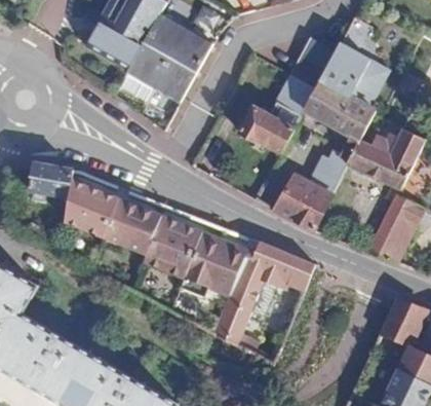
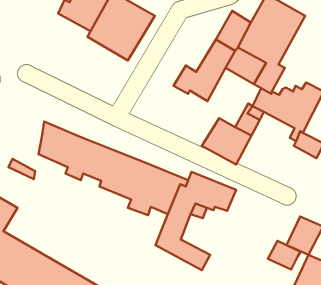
building: [30,162,75,196] -> none
building: [366,208,417,262] -> none
building: none -> [268,241,300,269]

